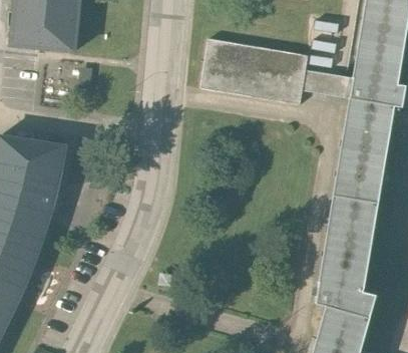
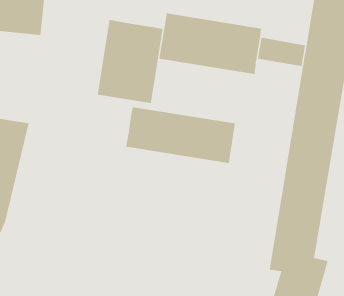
building: none -> [97,19,163,104]
building: none -> [125,106,236,164]

